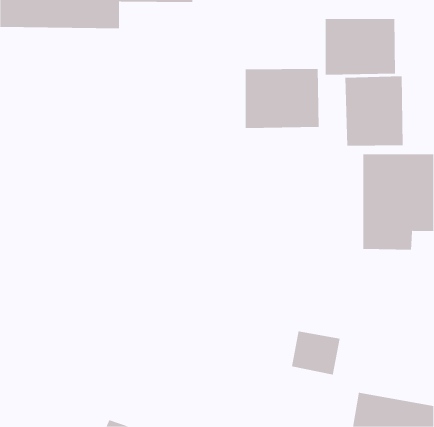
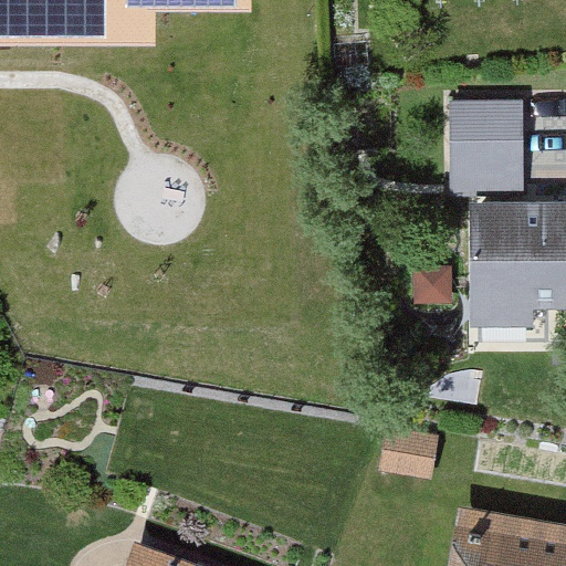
building: [325,18,396,75] -> none
building: [245,68,319,129] -> none

